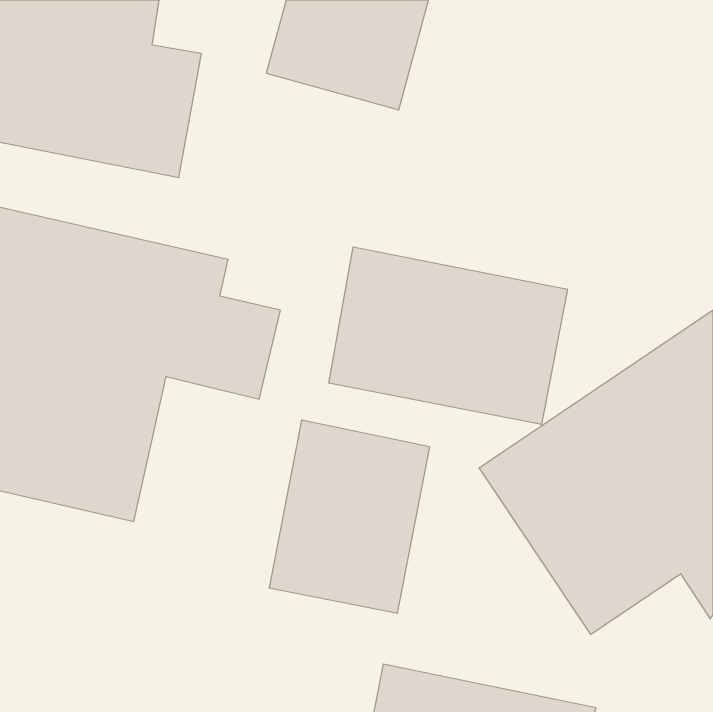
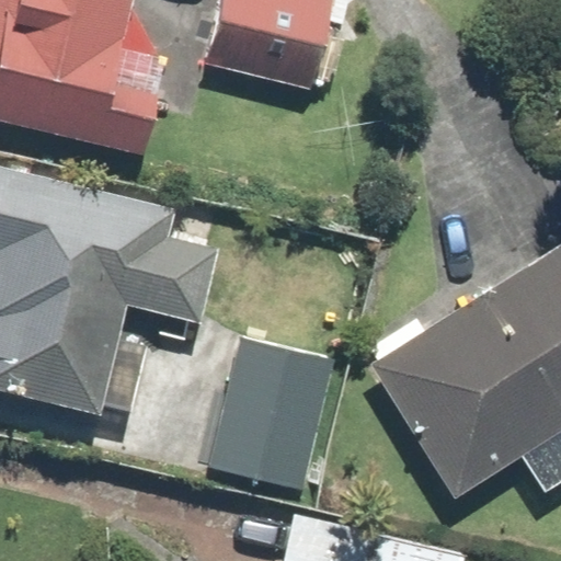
building: [329,247,567,425] -> none

